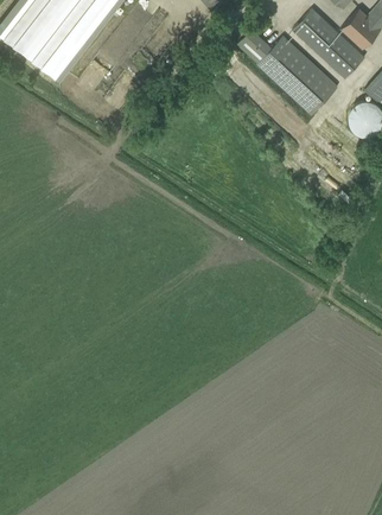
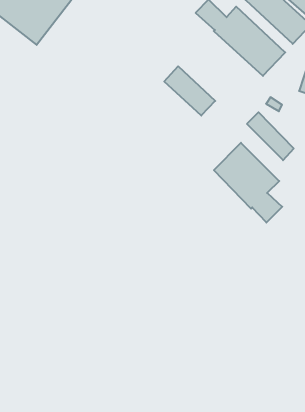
building: none -> [164,66,215,116]
building: none -> [214,143,282,223]

